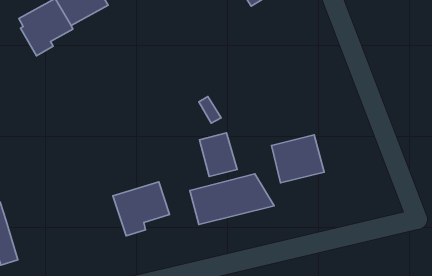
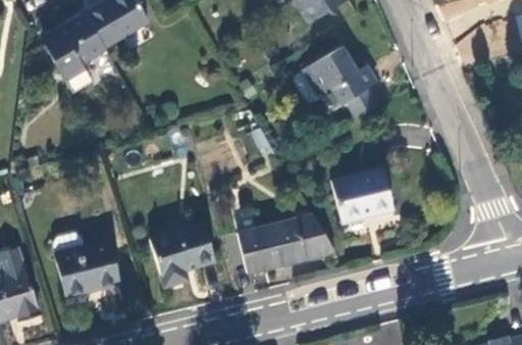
building: none -> [303,46,376,119]
building: [199,133,237,177] -> none
building: none -> [57,241,118,296]

